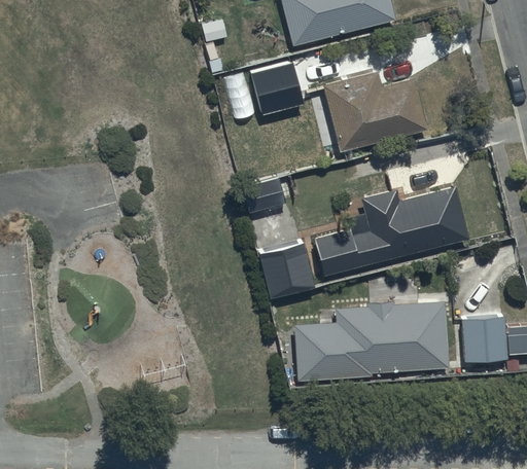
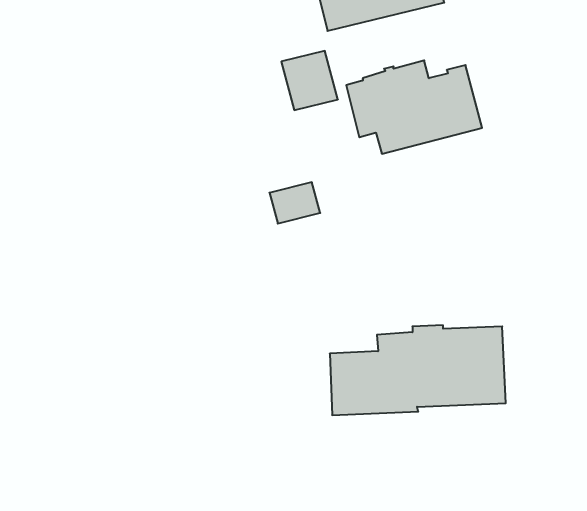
building: [314,185,469,278] -> none
building: [258,240,314,294] -> none
building: [462,315,508,360] -> none

